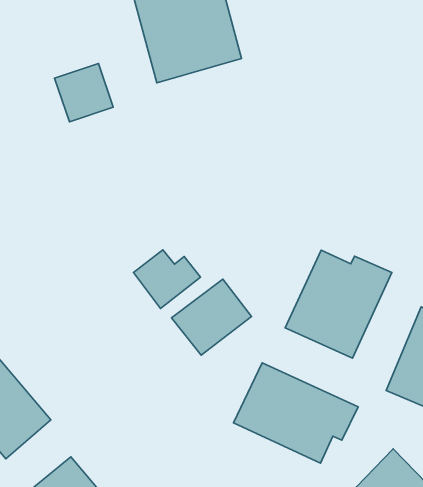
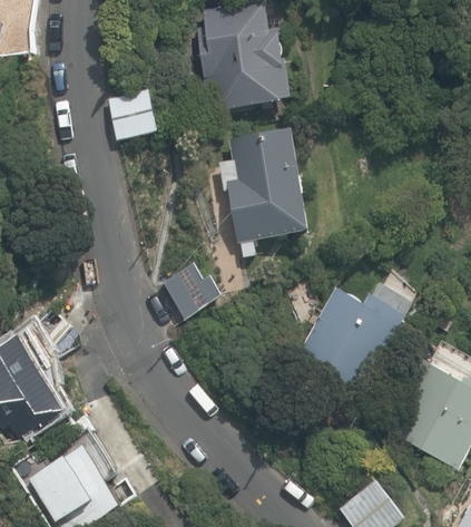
building: none -> [225,130,312,244]
building: [172,279,251,355] -> none
building: [234,363,358,463] -> none

